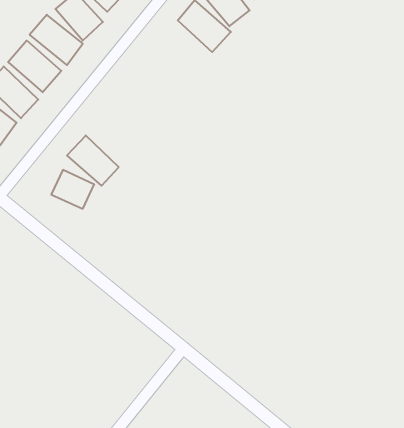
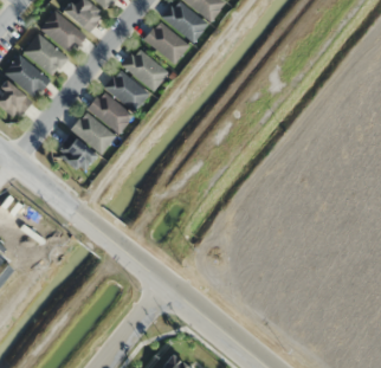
building: none -> [146,22,189,65]
building: none -> [125,49,169,92]
building: none -> [108,71,150,112]
building: none -> [90,92,134,134]

